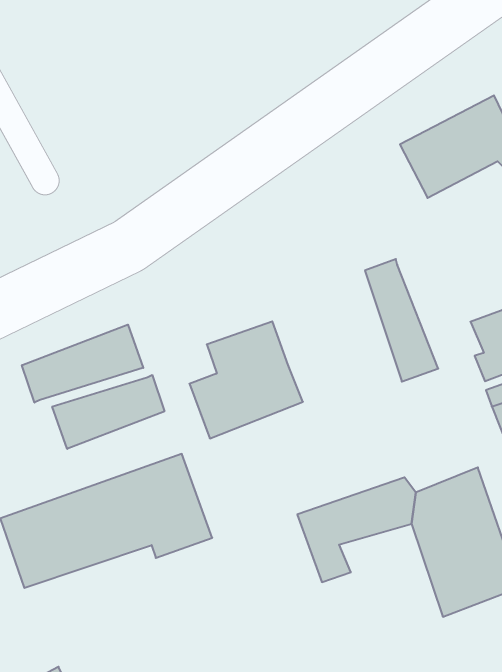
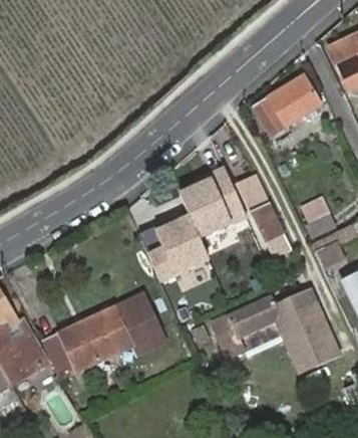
building: none -> [178,166,248,238]
building: [22,325,143,403] -> none
building: [52,375,164,449] -> none

